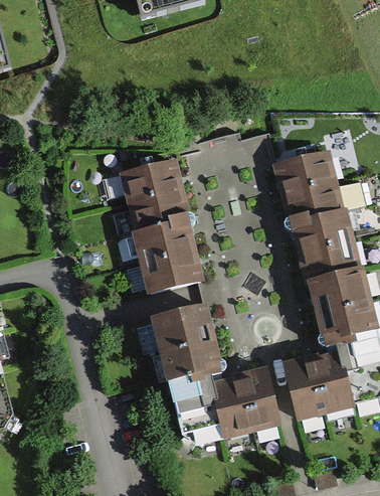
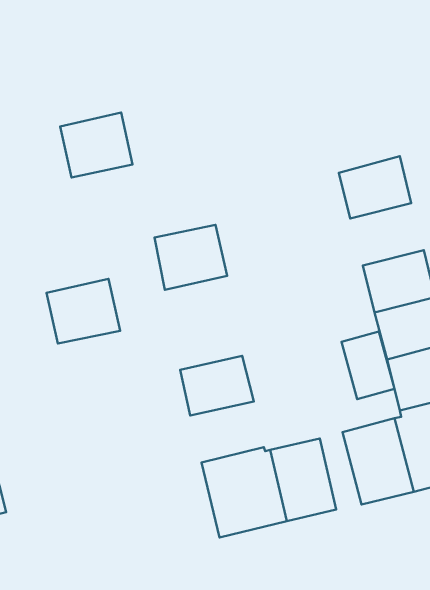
building: [123,158,180,209] -> [60,113,132,177]
building: [287,182,345,231] -> none
building: [140,239,198,291] -> [46,279,120,344]
building: none -> [342,332,394,399]
building: [160,339,218,387] -> none

